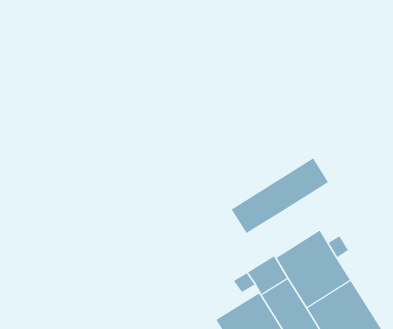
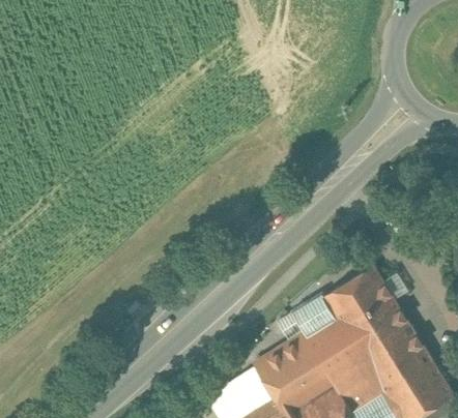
building: [231,157,329,234] -> none

